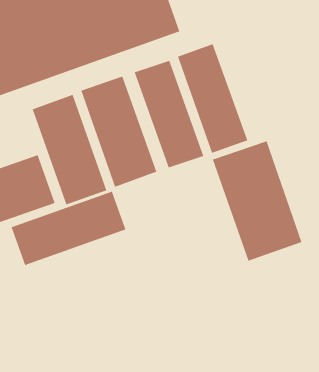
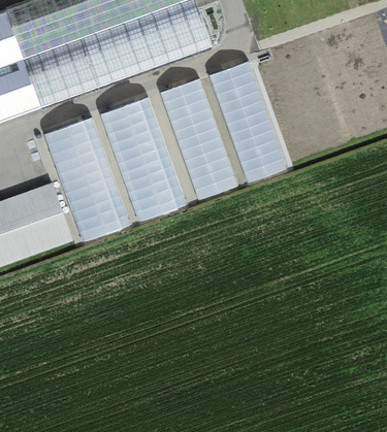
building: [212,141,302,262] -> none
building: [11,191,126,266] -> none

